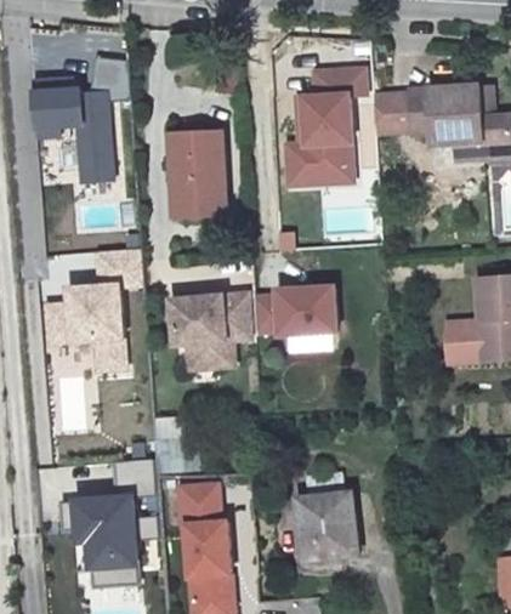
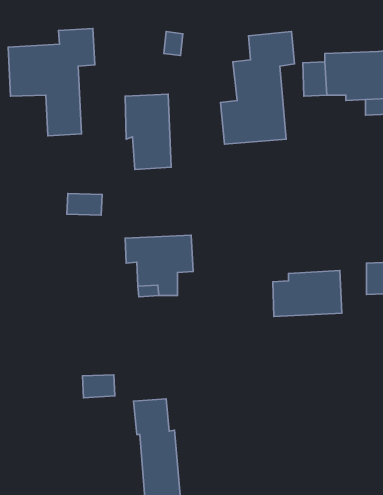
building: [45,278,134,373] -> none
building: [255,284,335,337] -> [273,270,342,316]
building: [62,488,151,584] -> none
building: [294,491,354,559] -> none

